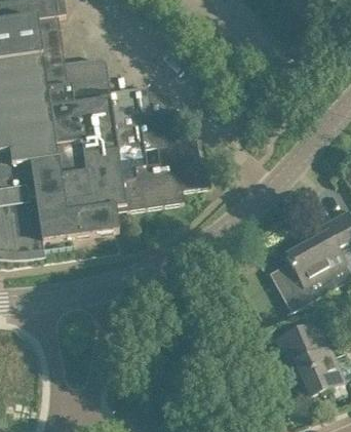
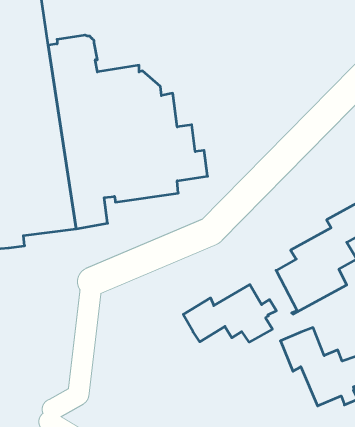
building: none -> [183,285,276,342]

